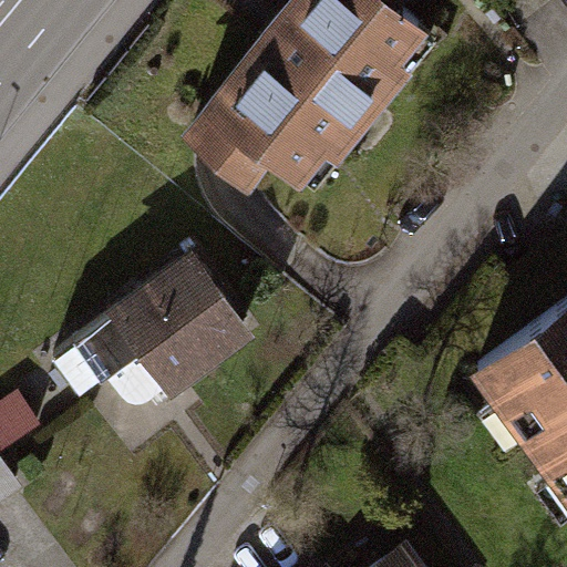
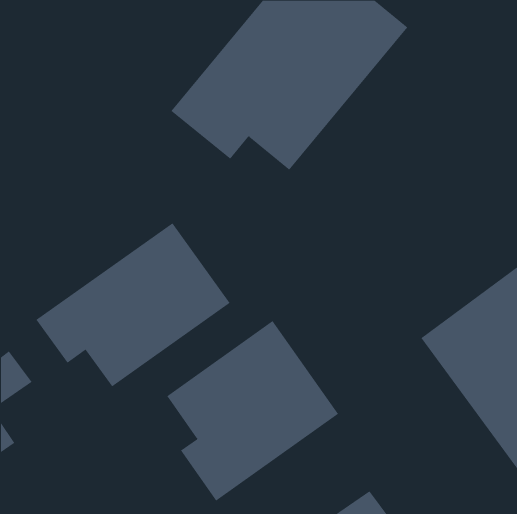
building: none -> [166,320,339,501]

